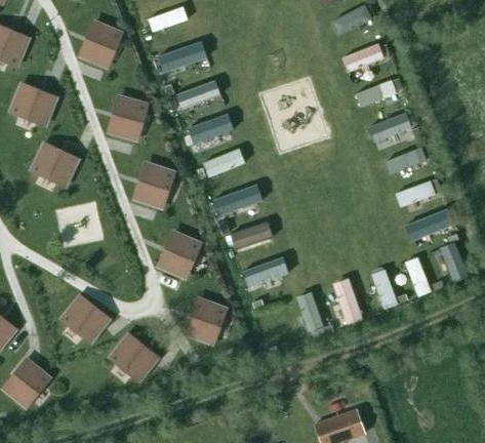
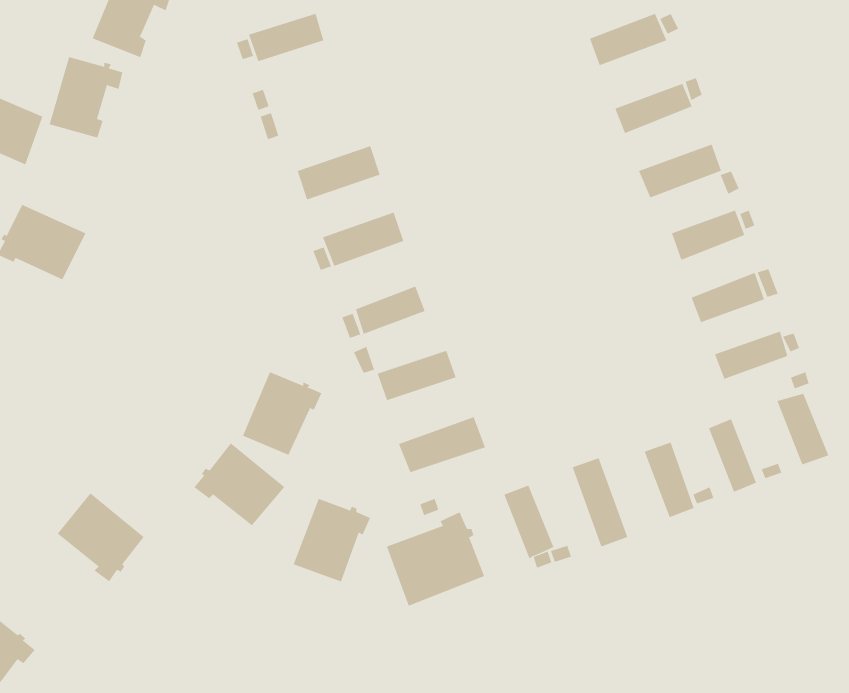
building: [176,80,221,110] -> none
building: [110,97,149,140] -> [49,56,123,138]
building: [135,164,175,207] -> none
building: none -> [386,511,485,607]
building: [109,335,157,379] -> [194,442,285,526]

